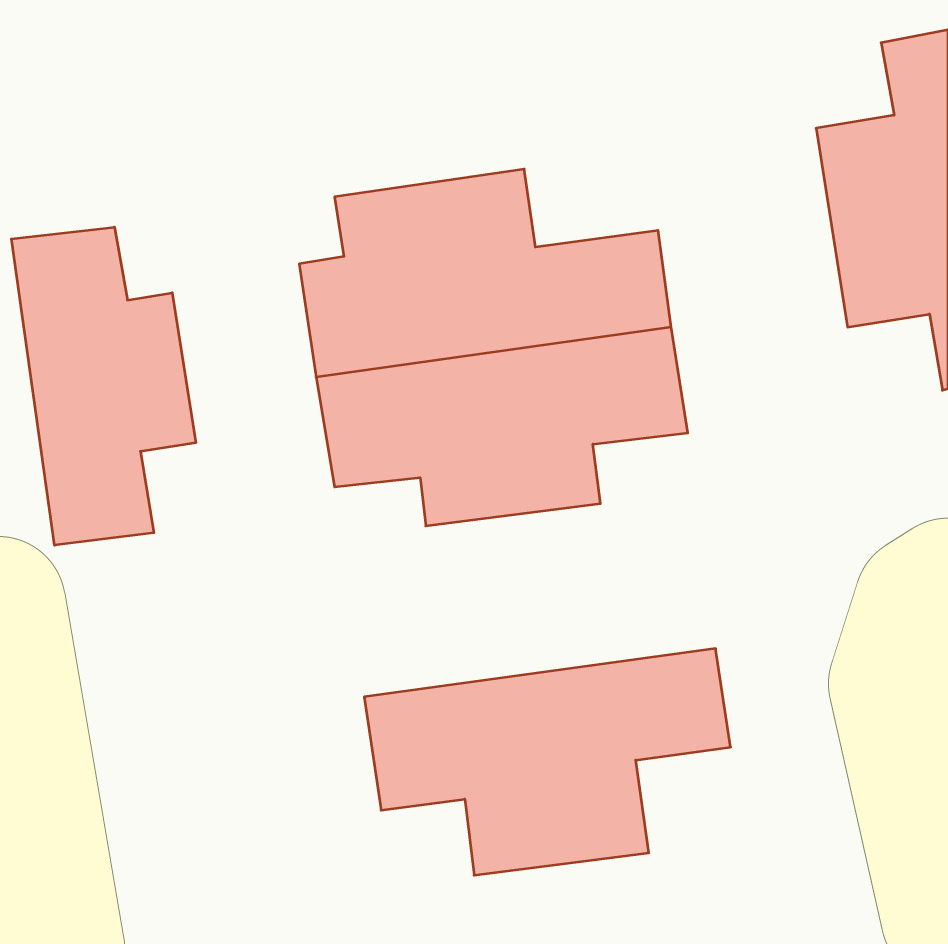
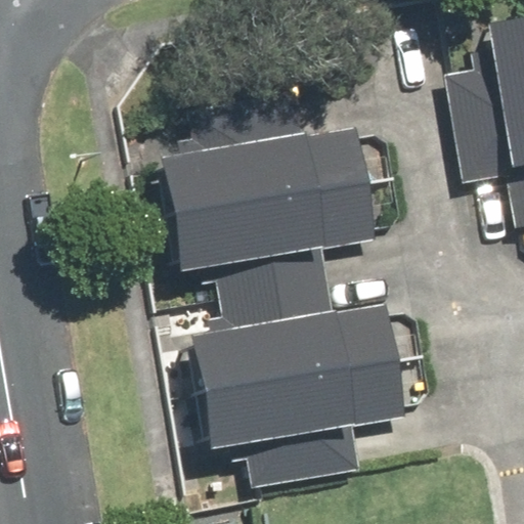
building: [11,227,196,545] -> none
building: none -> [192,280,394,387]

